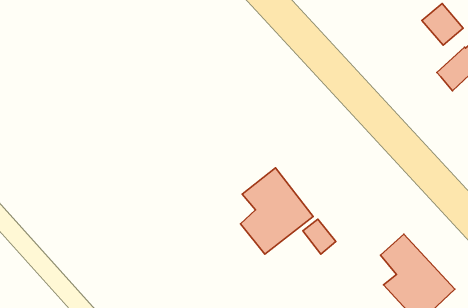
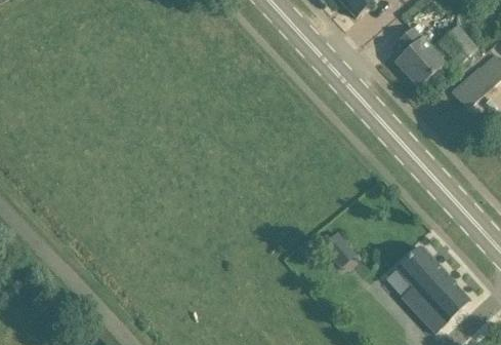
building: none -> [394,28,444,87]
building: [241,168,313,254] -> none

